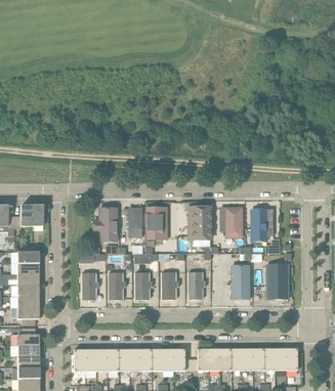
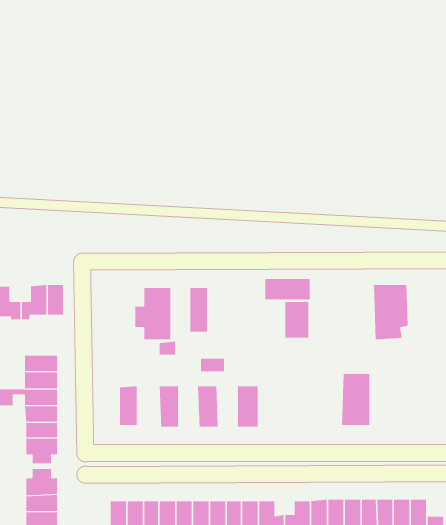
building: [151,207,167,240] -> none
building: [224,207,242,238] -> none
building: [265,263,287,299] -> none
building: [186,272,201,300] -> none

